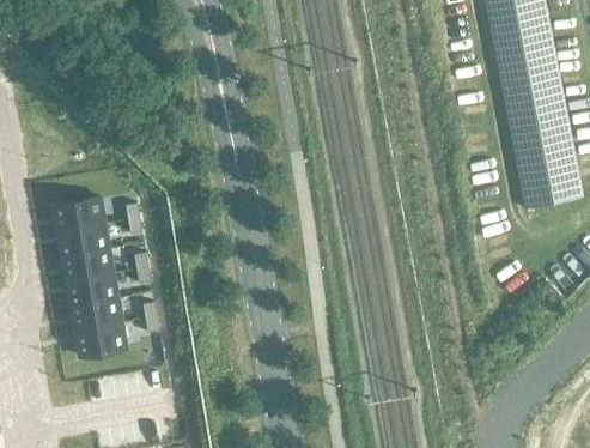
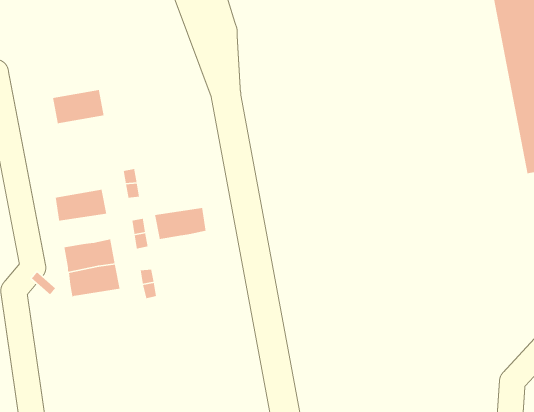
building: [55,198,107,232] -> [52,89,104,124]
building: [63,249,115,281] -> [154,207,206,240]
building: [77,323,128,357] -> none

